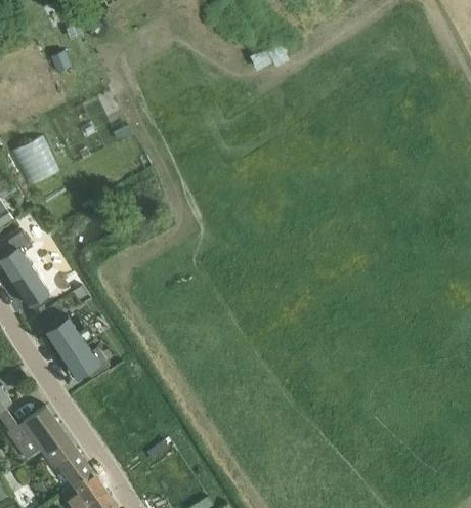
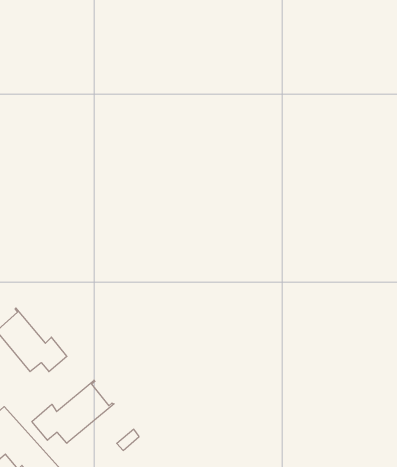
building: none -> [32,380,114,443]

